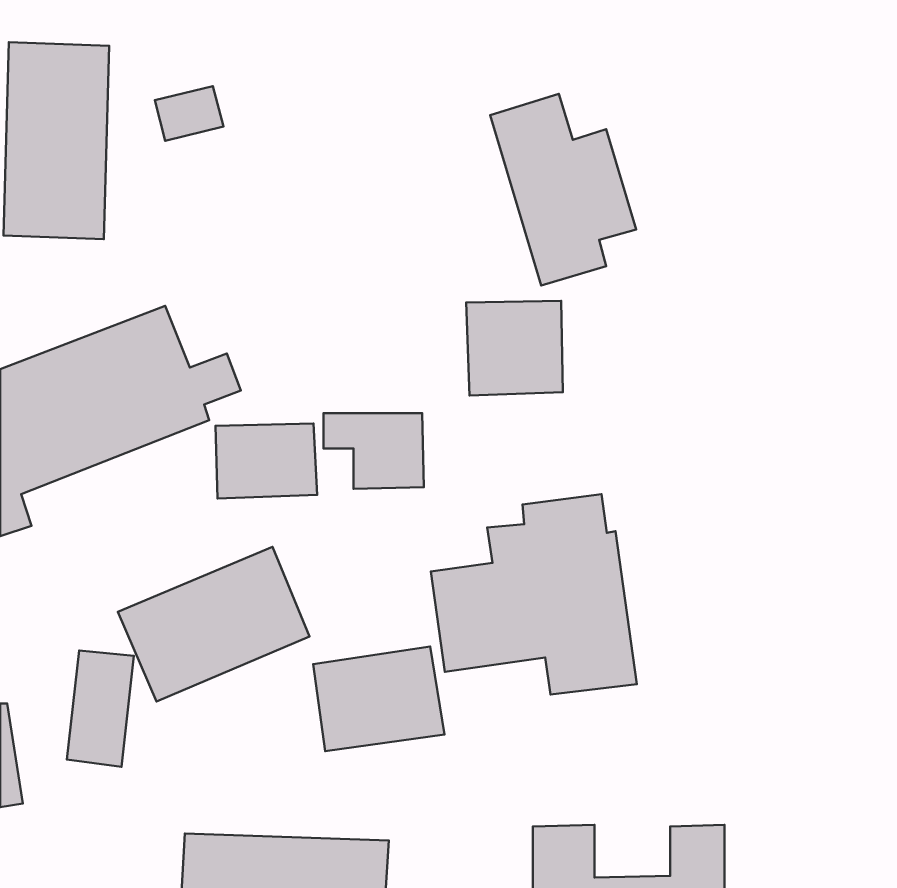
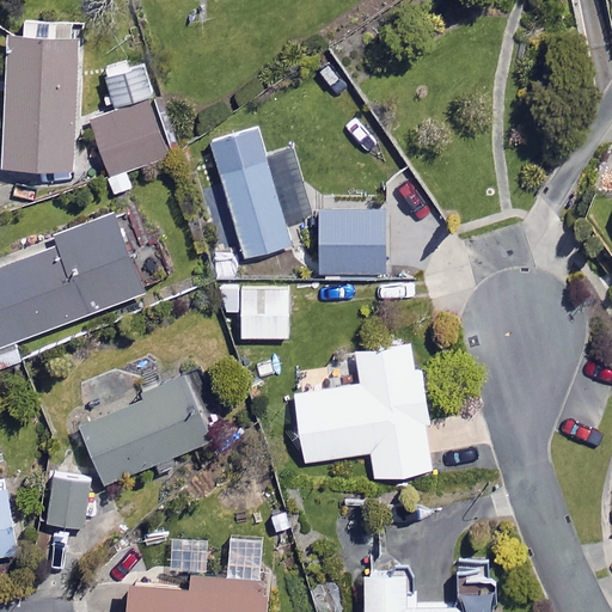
building: [490,94,636,286] -> [210,129,310,259]
building: none -> [92,105,167,177]
building: [216,424,317,498] -> none
building: [313,647,445,751] -> none

